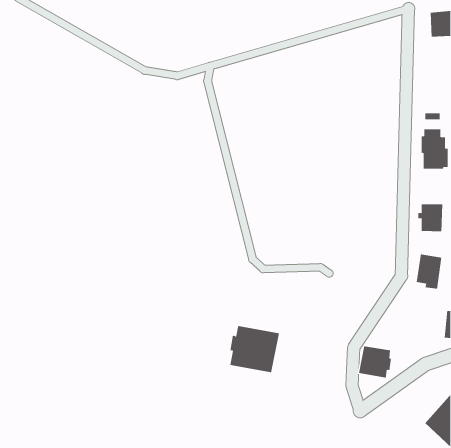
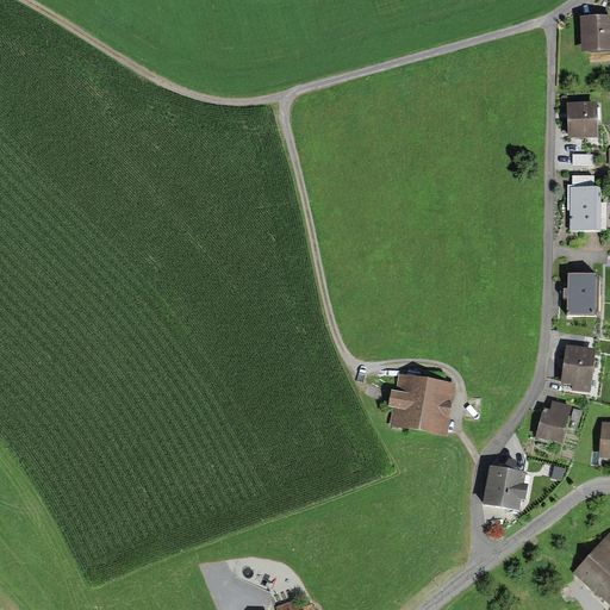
building: none -> [567,100,597,137]
building: none -> [535,399,572,442]
building: [229,325,280,373] -> [390,371,458,435]

